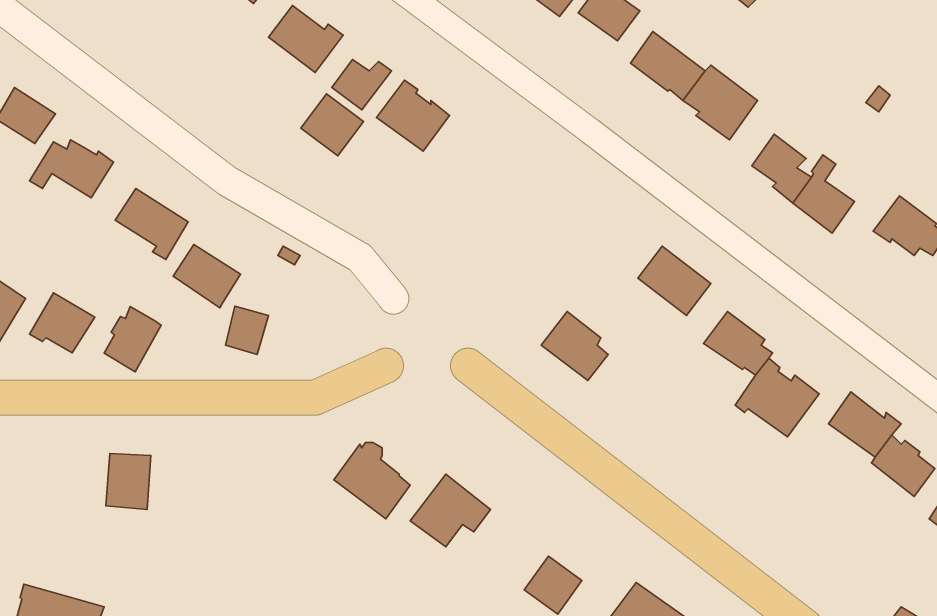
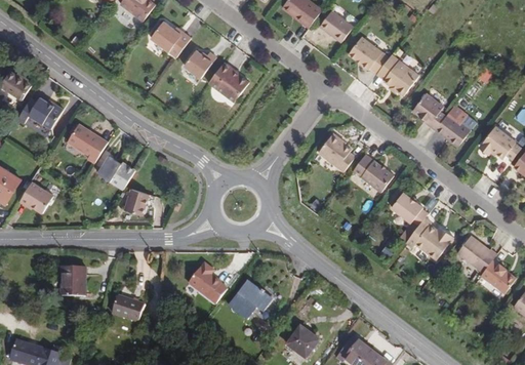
building: [301,94,364,156] -> none
building: [104,306,161,372] -> none
building: [541,312,608,381] -> [316,133,353,171]
building: none -> [112,296,145,323]

